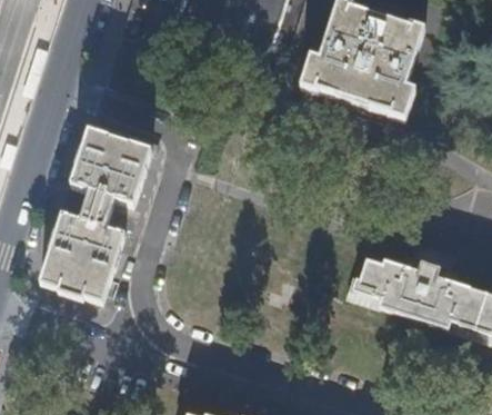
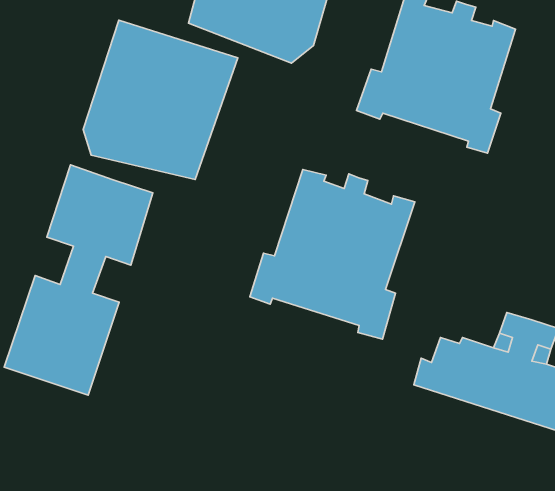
building: none -> [83,20,238,180]
building: none -> [250,169,415,339]

